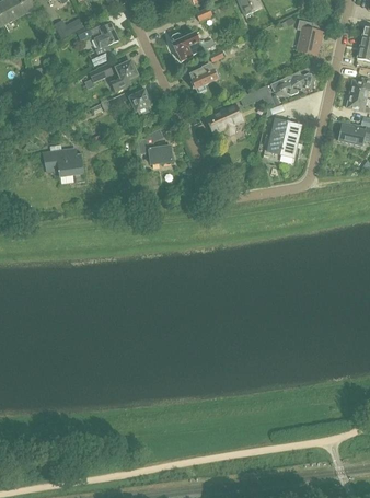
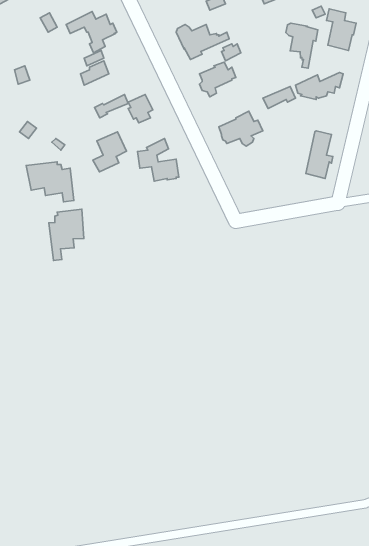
building: none -> [286,23,318,68]
building: [109,58,138,92] -> [93,132,127,172]
building: [264,118,288,158] -> none
building: none -> [49,209,84,261]

